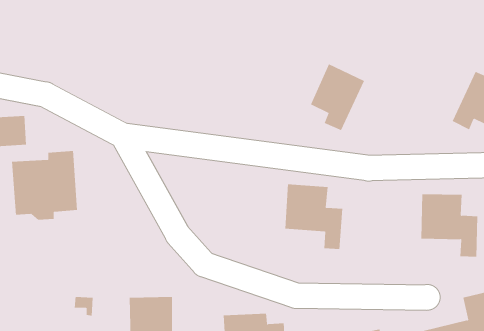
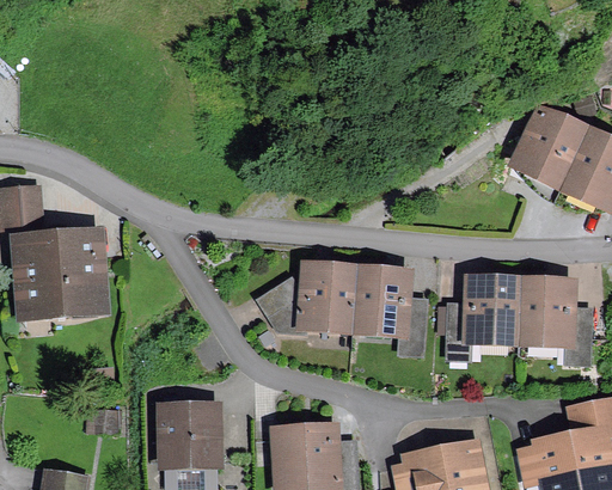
building: [310,63,365,131] -> [518,111,585,194]
building: none -> [258,267,355,330]
building: none -> [446,280,519,355]

